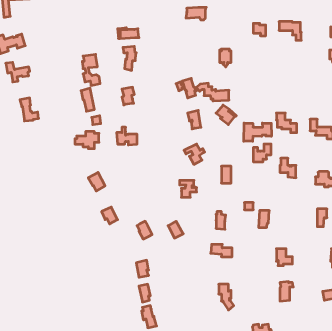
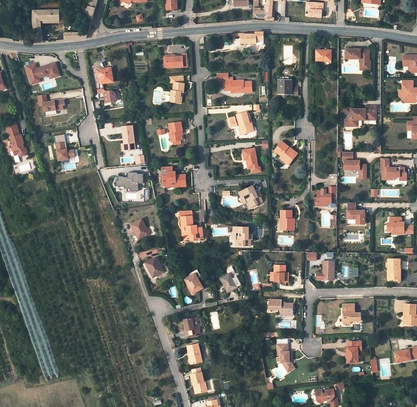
building: [82,54,100,85] -> [95,68,115,103]
building: none -> [344,105,375,125]
building: [196,83,229,101] -> [214,73,251,93]
building: [244,123,271,141] -> none
building: none -> [179,212,202,240]

